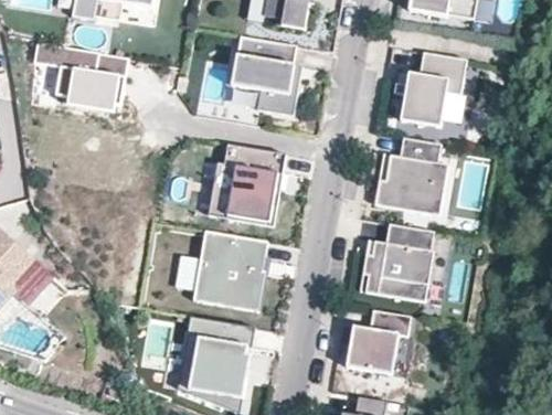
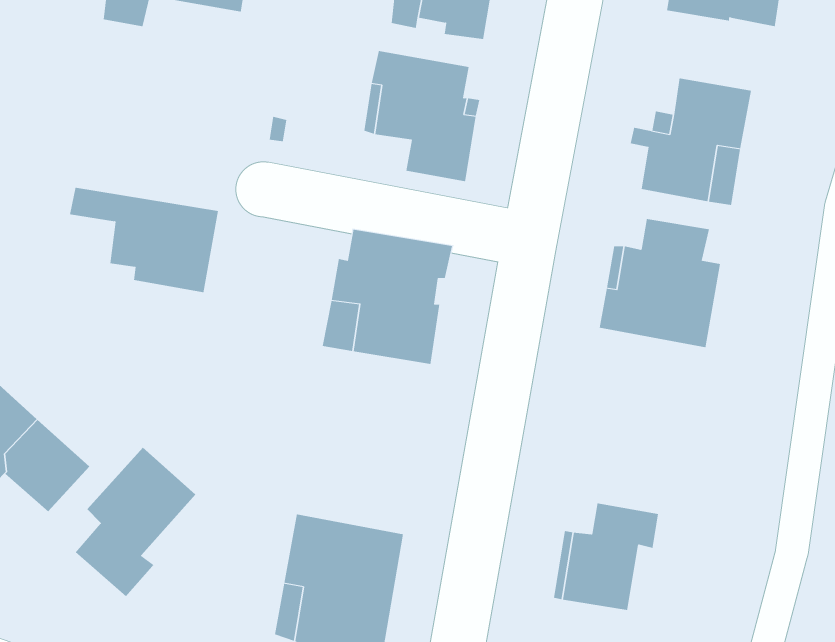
building: [32,47,123,111] -> [69,187,219,293]
building: [361,223,433,302] -> none
building: [192,231,267,312] -> none
building: none -> [75,447,196,597]

